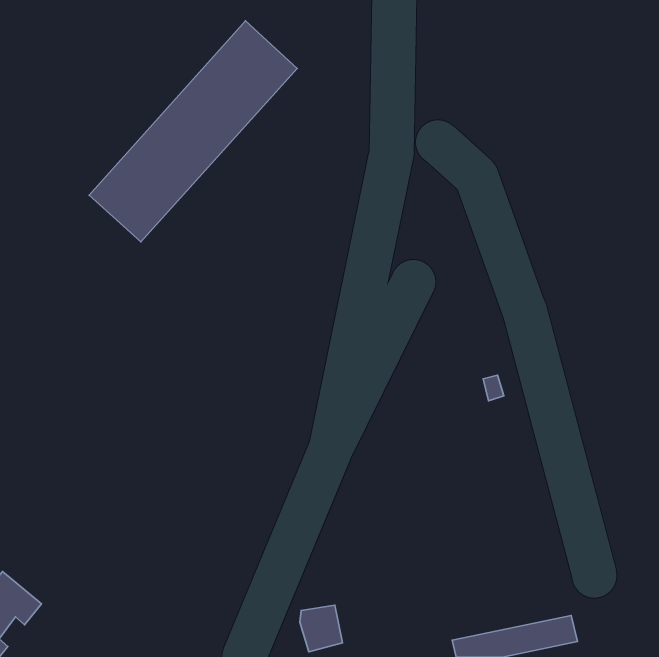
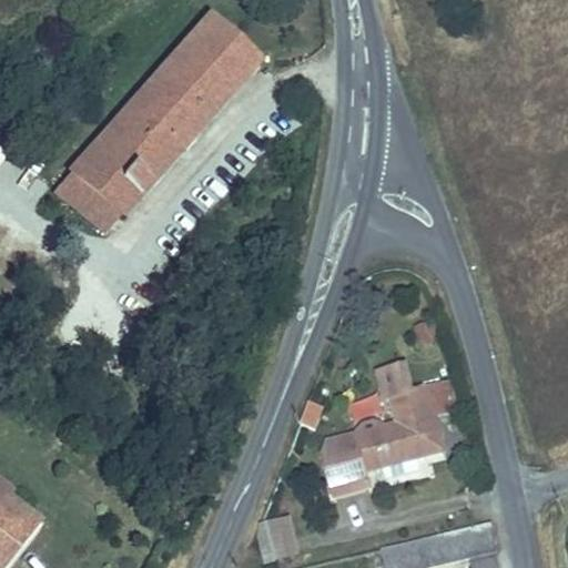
building: none -> [61,168,121,224]
building: none -> [320,364,456,496]

